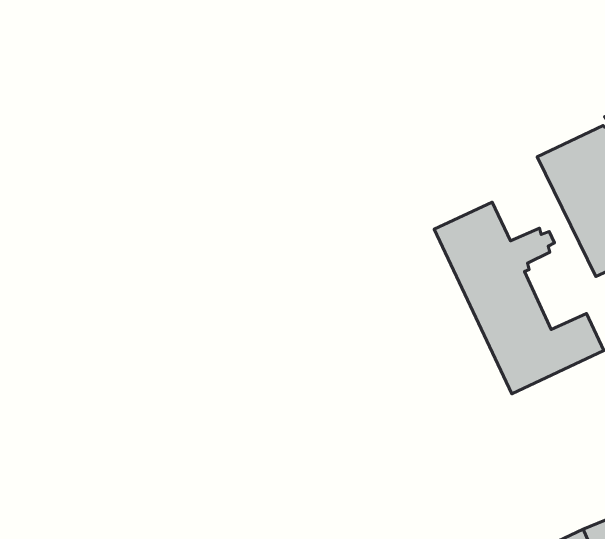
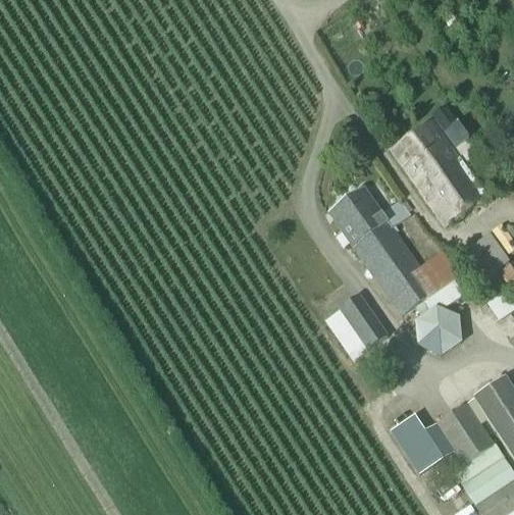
building: none -> [324,293,387,358]
building: none -> [414,303,461,355]

